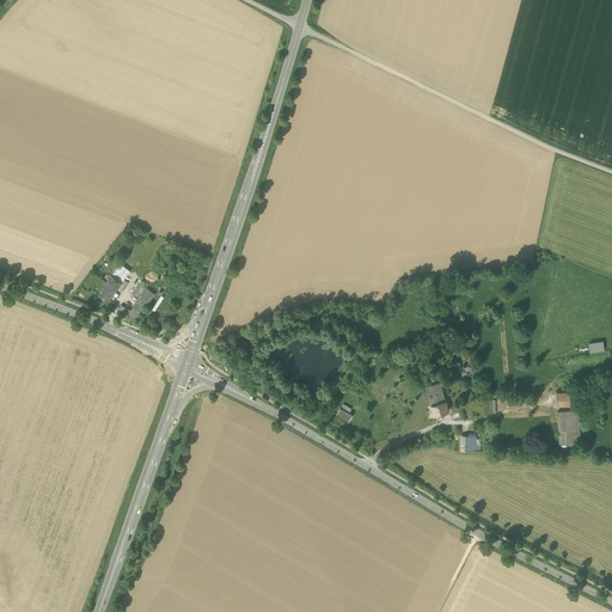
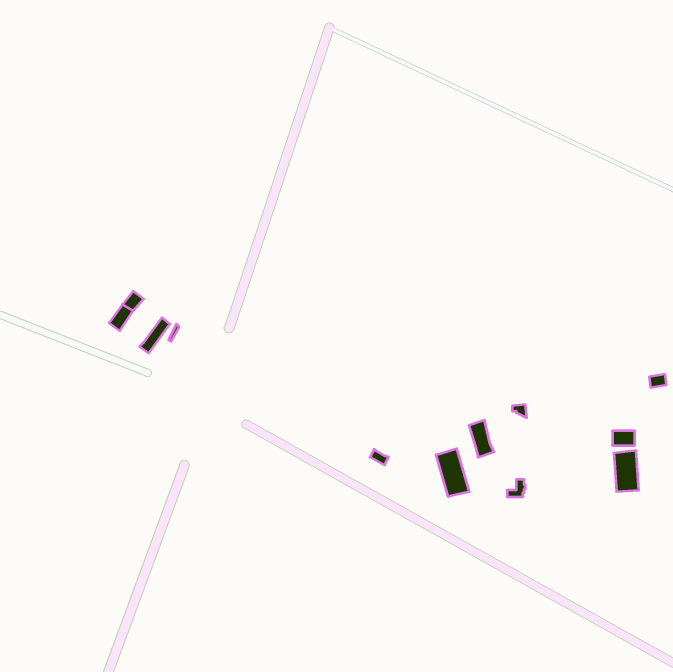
building: none -> [436,449,469,497]

